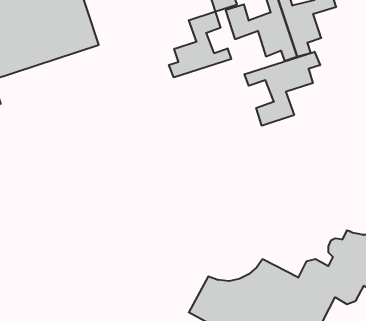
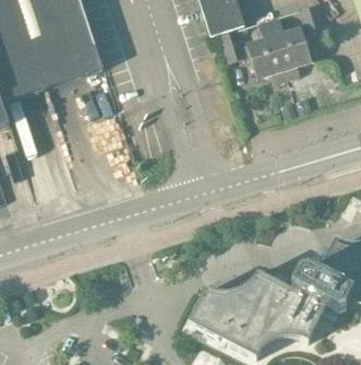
building: [169,11,231,77] -> none
building: [245,52,320,126] -> none

